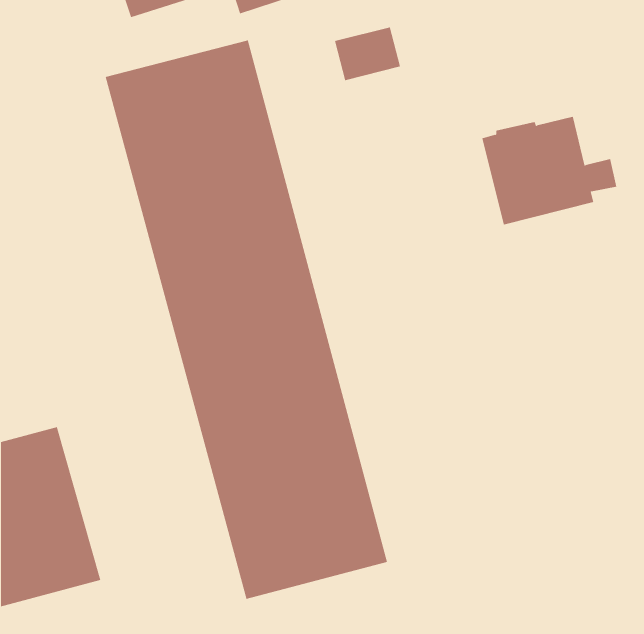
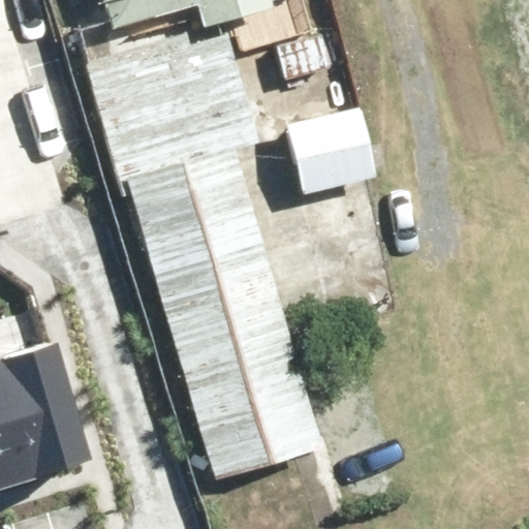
building: [481,116,617,225] -> [284,94,394,182]

